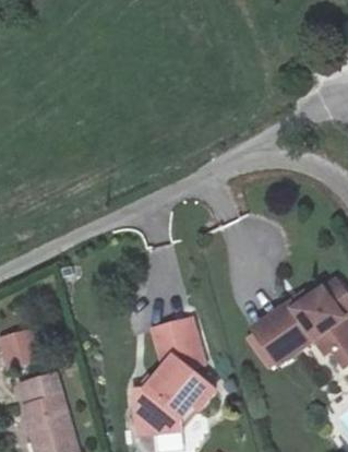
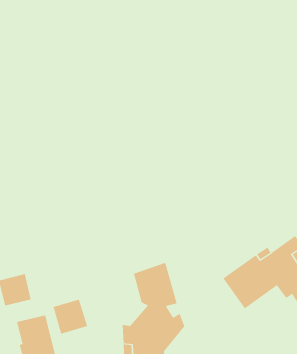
building: none -> [53,299,88,335]

